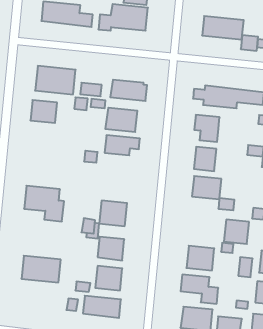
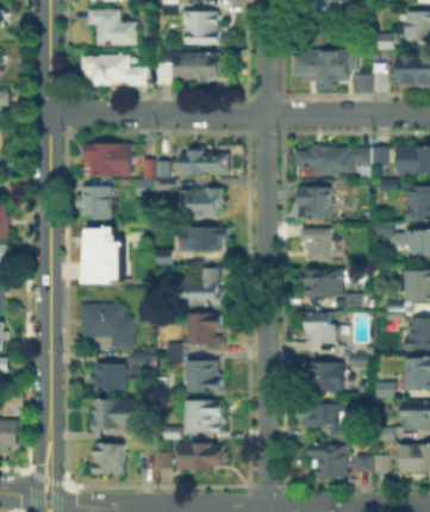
building: none -> [82,224,119,281]
building: none -> [181,269,219,307]
building: [224,220,249,244] -> [304,314,335,344]
building: none -> [93,367,131,391]
building: none -> [93,444,125,472]

